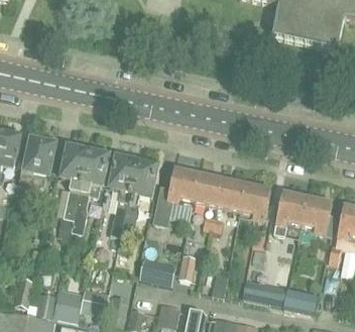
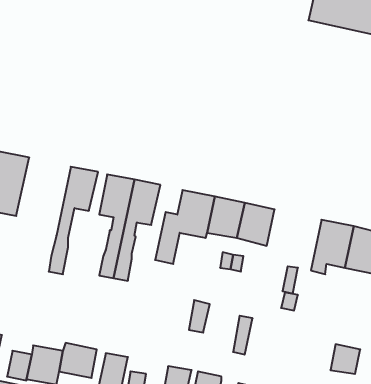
building: [62,143,88,218] -> none
building: [239,182,271,219] -> none
building: [140,256,175,283] -> none
building: [244,280,287,304] -> none

